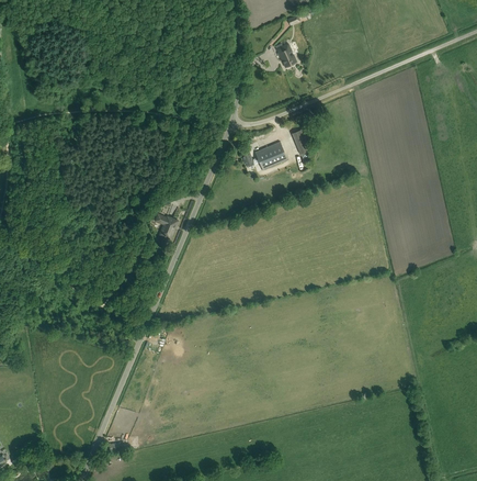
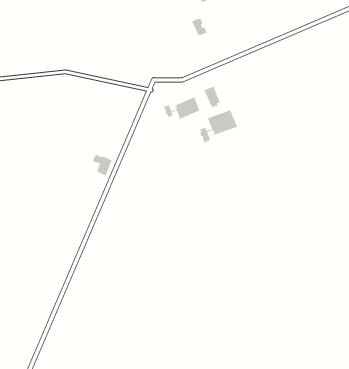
building: none -> [199,109,238,143]

